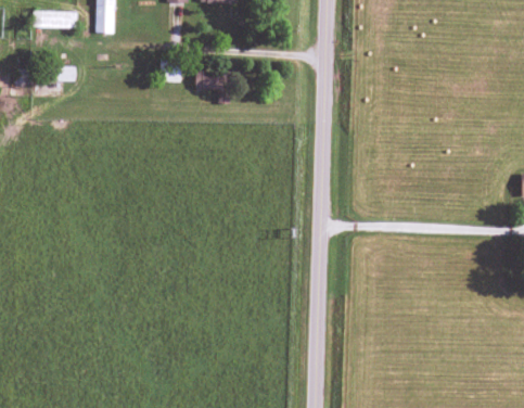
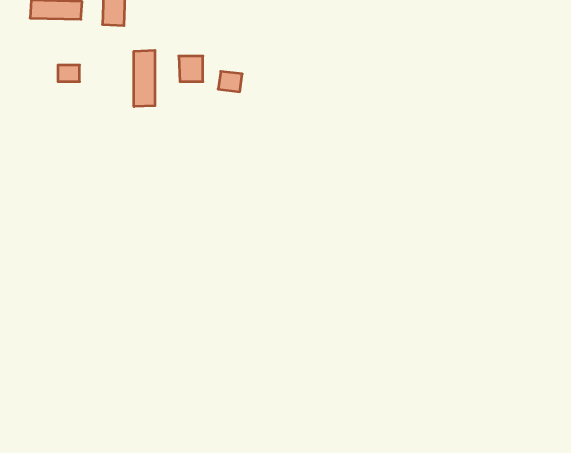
building: none -> [134,50,155,107]

